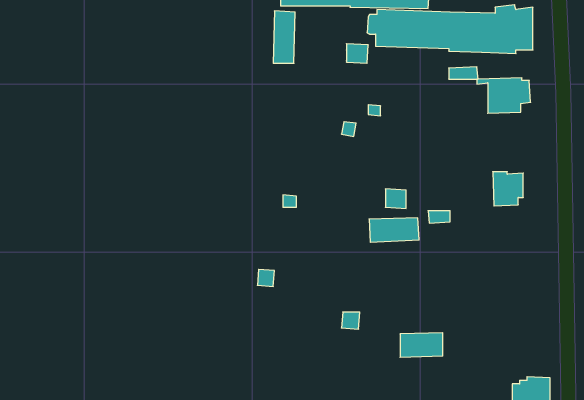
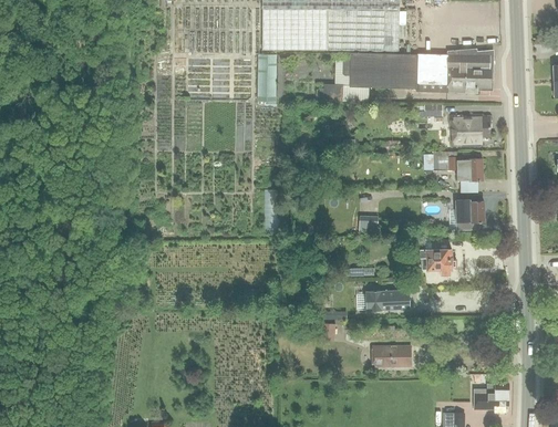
building: none -> [432,150,483,180]
building: [369,218,419,242] -> [365,289,411,311]
building: none -> [421,248,456,273]

